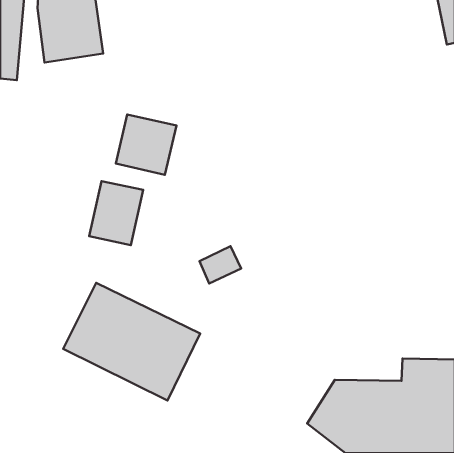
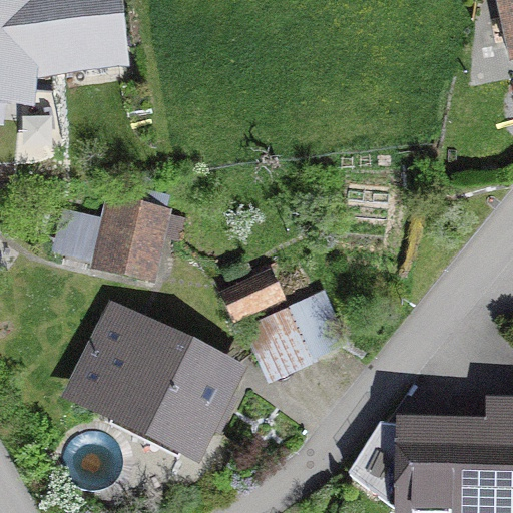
building: [116,114,176,175] -> none
building: none -> [248,293,352,383]

